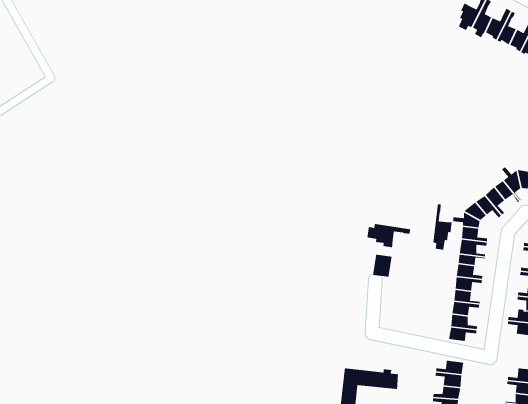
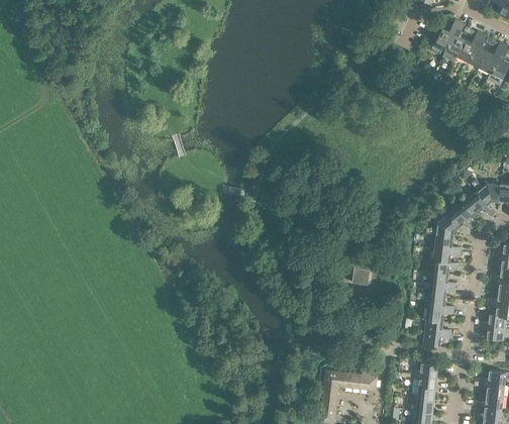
building: [432,203,453,250] -> none
building: [367,223,411,248] -> none

